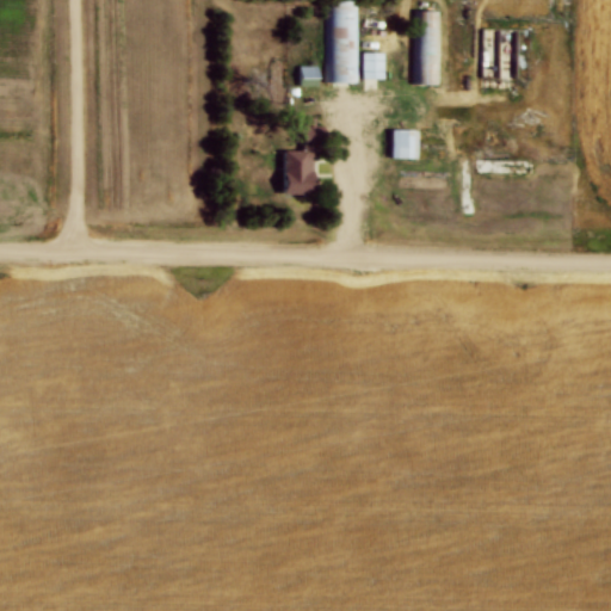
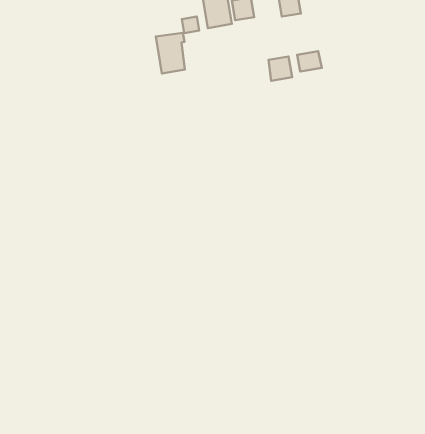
building: none -> [297,51,322,71]
building: [285,150,317,195] -> [156,33,185,73]

